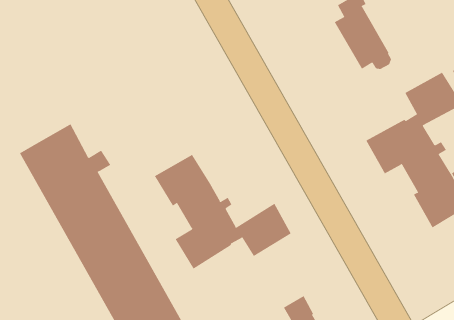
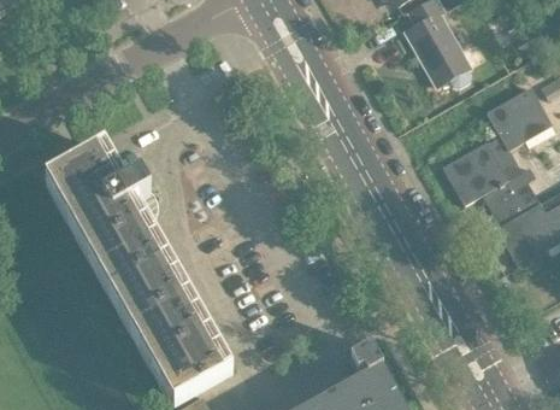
building: [154,154,292,269] -> none

